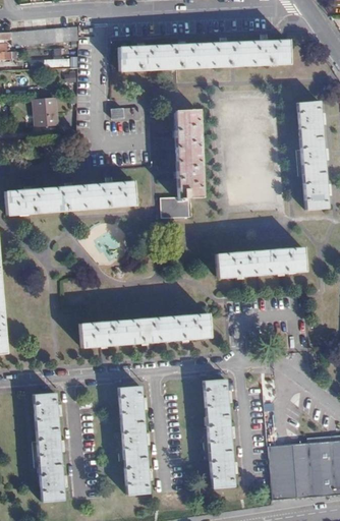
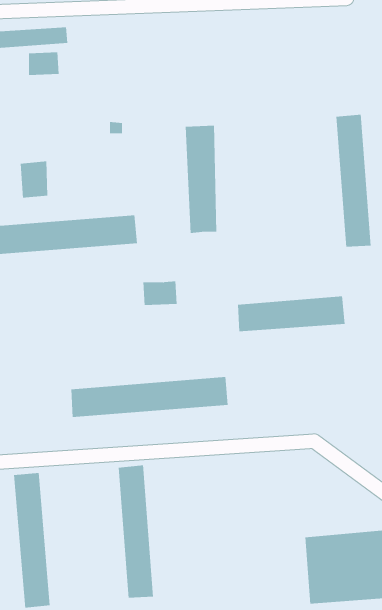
building: [119,40,289,68] -> none
building: [36,97,59,127] -> [20,161,48,198]
building: [161,195,189,216] -> [143,281,177,306]
building: [205,379,234,487] -> none

